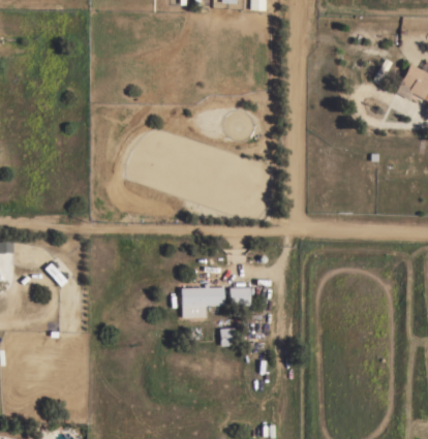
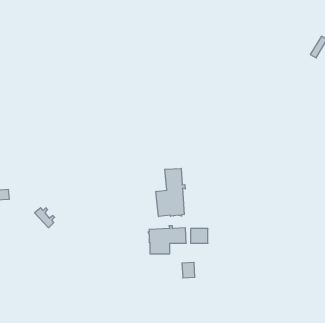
building: none -> [156,168,185,217]

